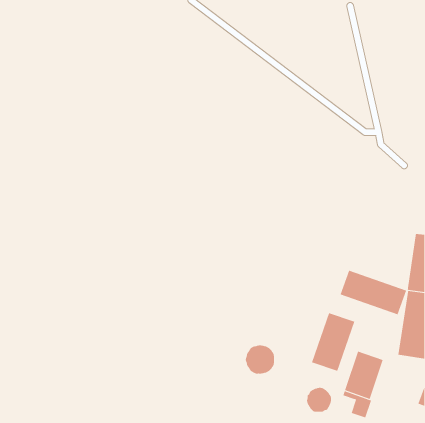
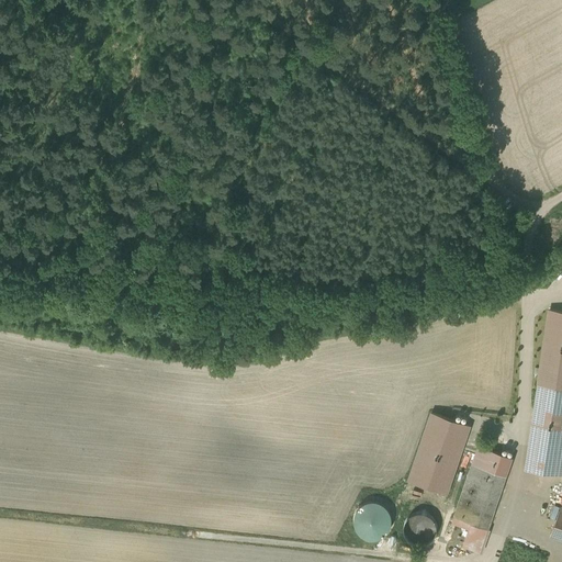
building: [340,270,407,315] -> none
building: none -> [472,448,513,477]
building: [245,345,275,374] -> [352,502,392,540]

